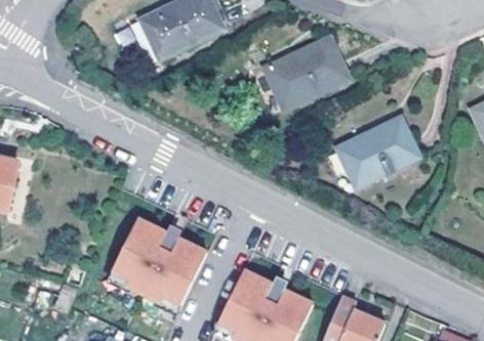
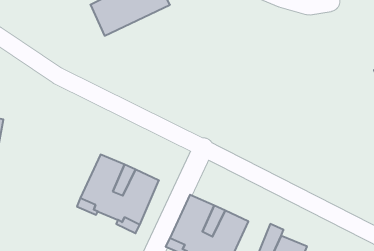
building: [264,39,345,108] -> none
building: [334,118,415,187] -> none

